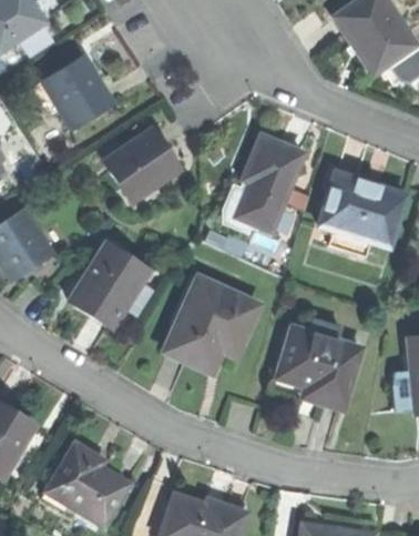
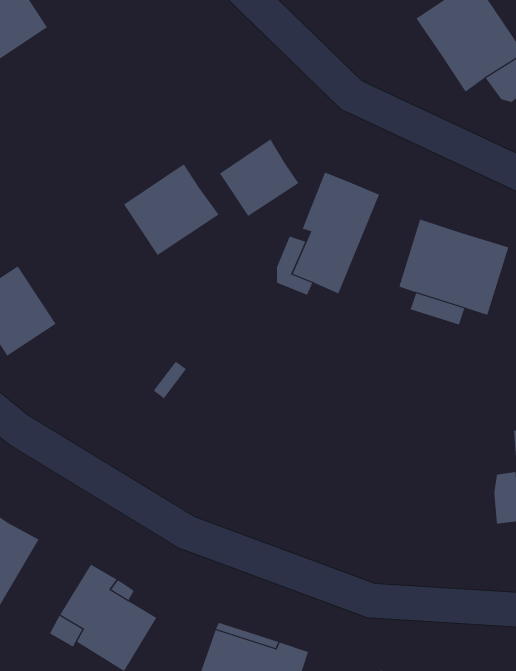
building: [33,55,114,129] -> none
building: none -> [219,138,299,217]
building: [71,243,147,326] -> none
building: [165,277,259,373] -> none
building: [277,320,358,409] -> none

